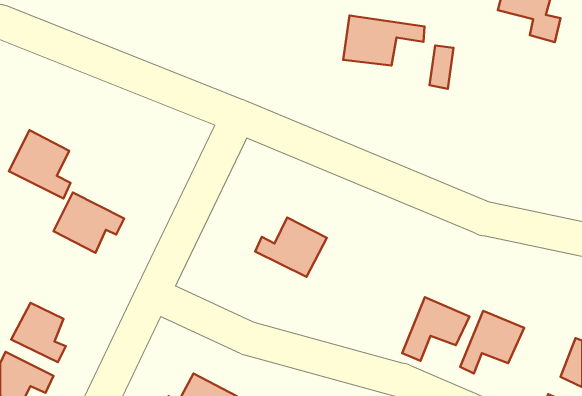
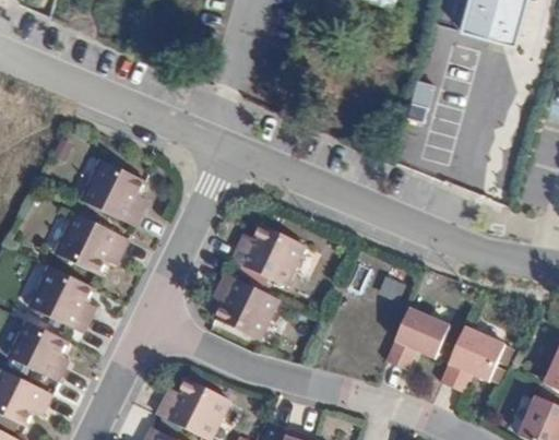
building: [343,15,424,65] -> none
building: [9,130,70,199] -> [76,154,135,219]
building: none -> [26,262,85,326]
building: none -> [228,282,288,349]

